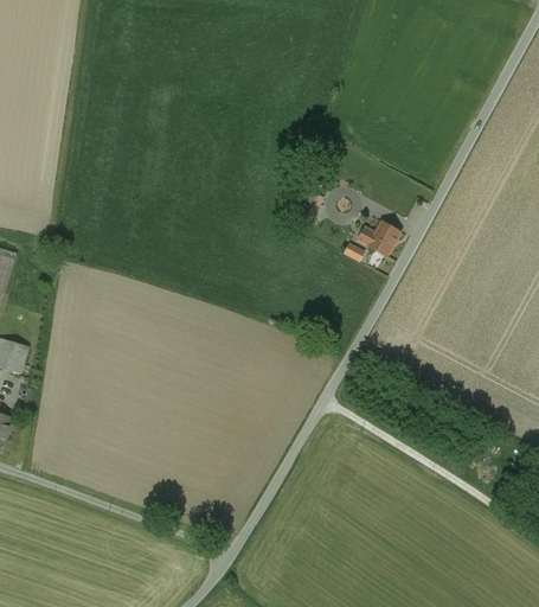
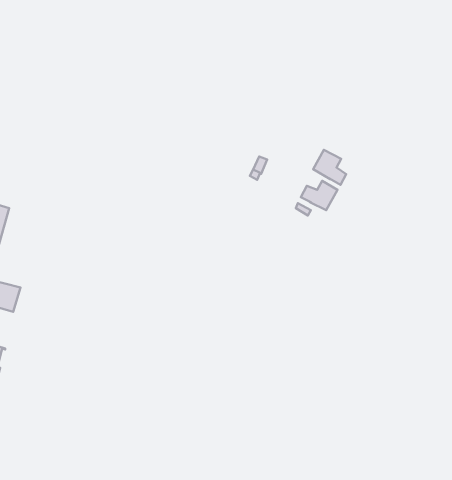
building: none -> [313,150,346,185]

